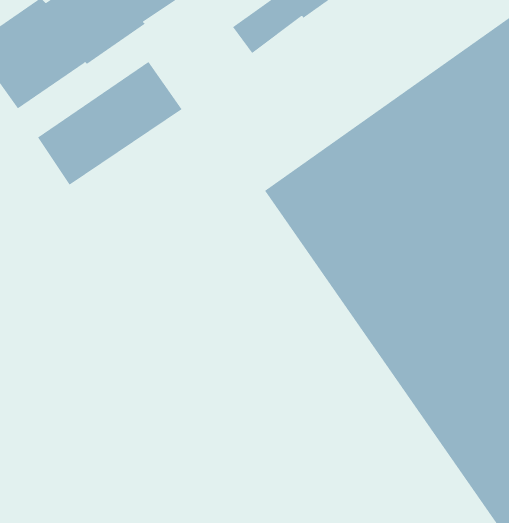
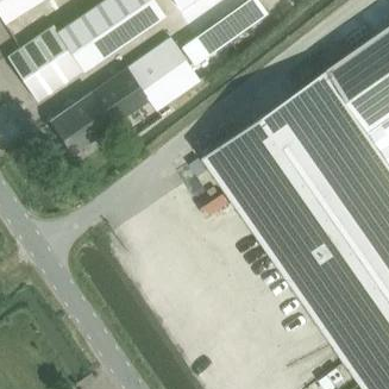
building: none -> [126,38,200,111]

